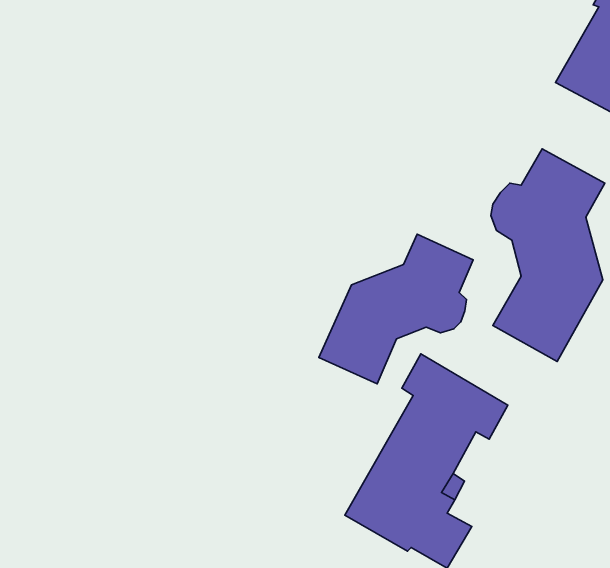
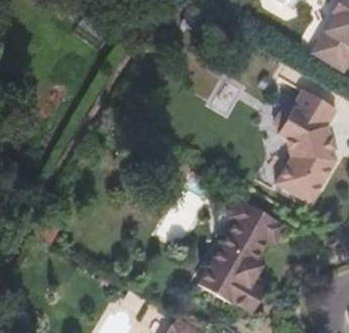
building: [319,234,473,384] -> none

